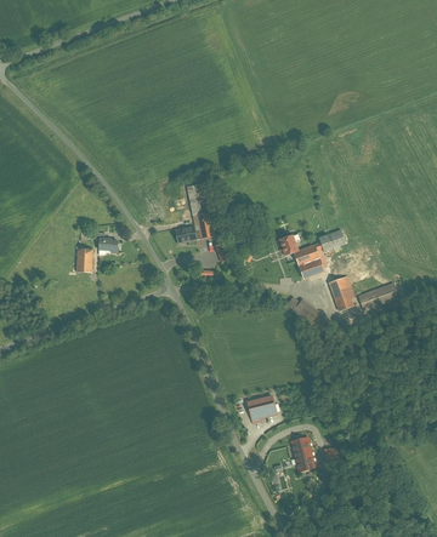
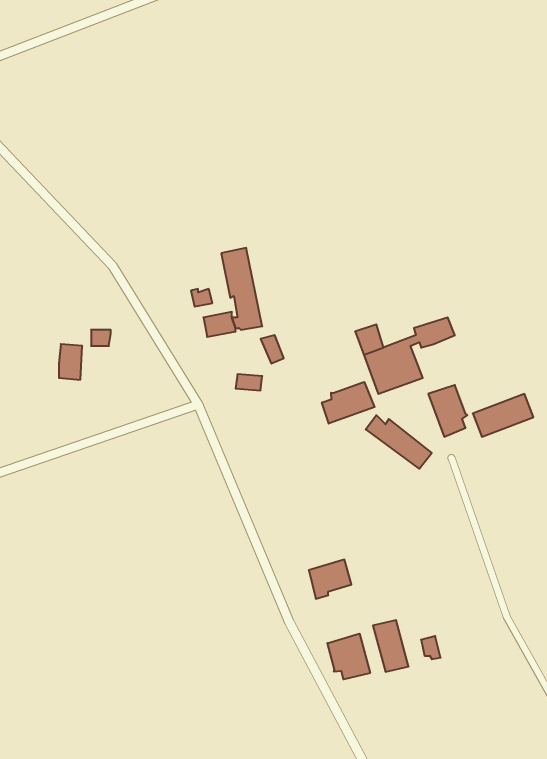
building: none -> [322,382,375,424]
building: none -> [327,634,370,679]

